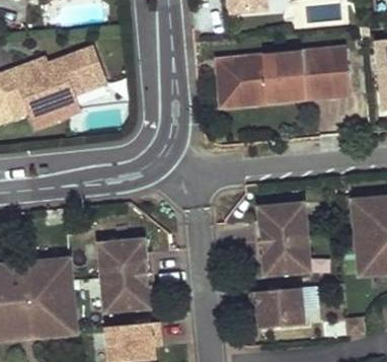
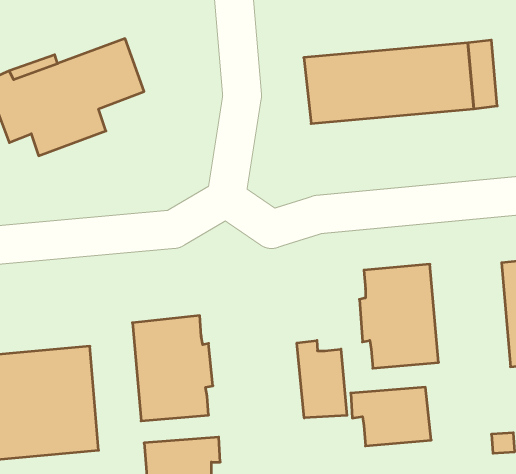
building: none -> [297,340,347,418]

